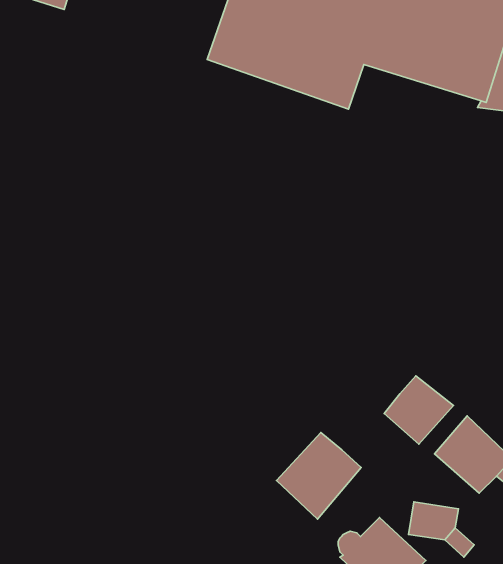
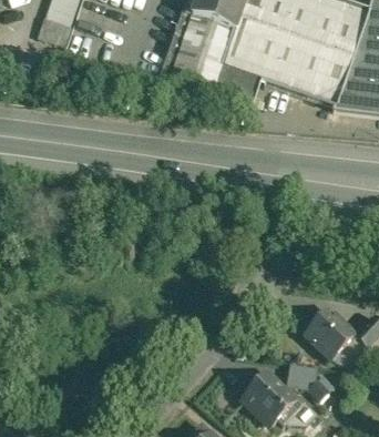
building: [384,376,454,444] -> none
building: [276,433,361,519] -> none

